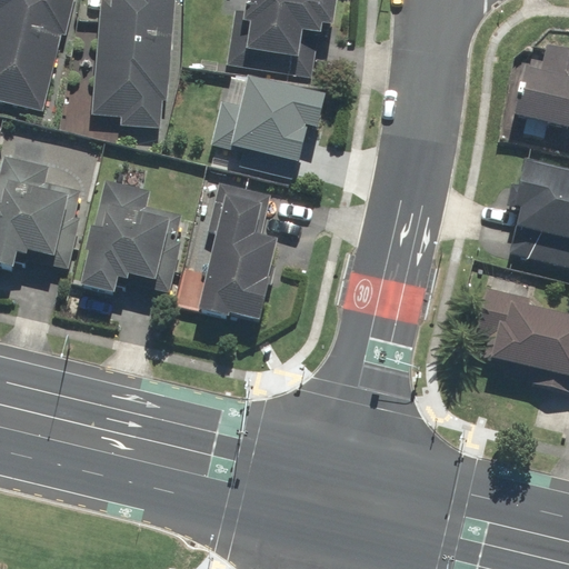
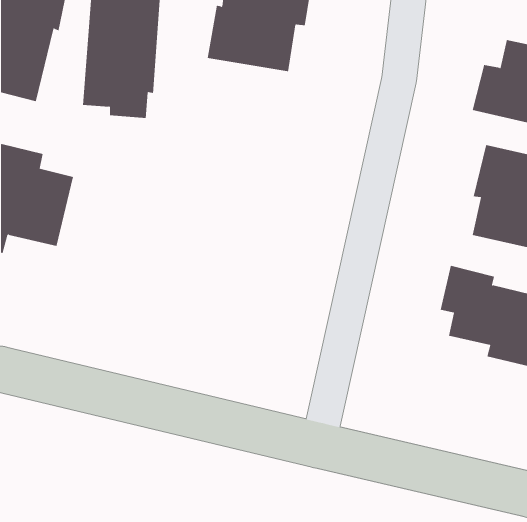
building: [212,77,323,178] -> none
building: [77,177,184,298] -> none
building: [194,178,277,328] -> none

